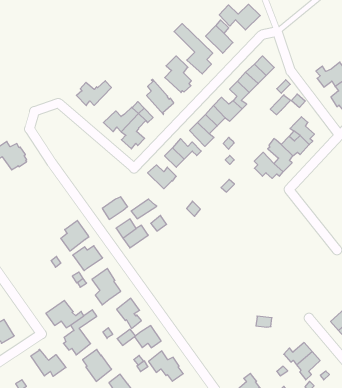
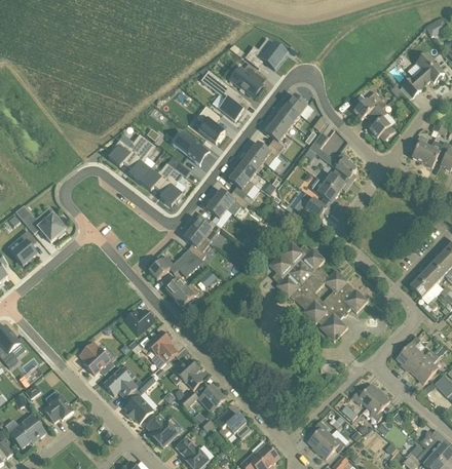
building: none -> [127,145,151,182]
building: none -> [183,228,209,260]
building: none -> [268,241,367,341]
building: [61,220,89,251] -> none
building: none -> [79,342,110,375]
building: [31,349,66,376] -> none

